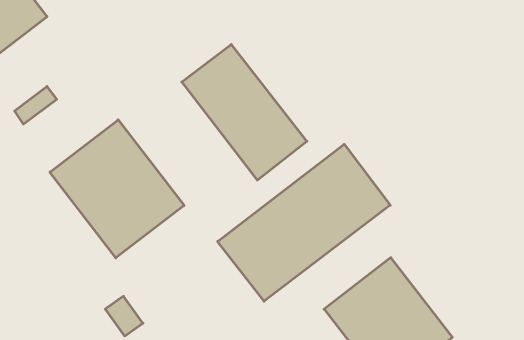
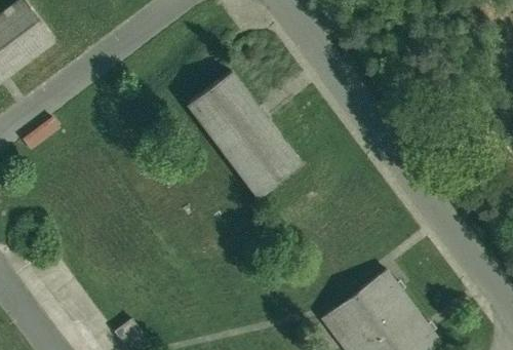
building: [50,120,184,258] -> none
building: [218,144,390,301] -> none

